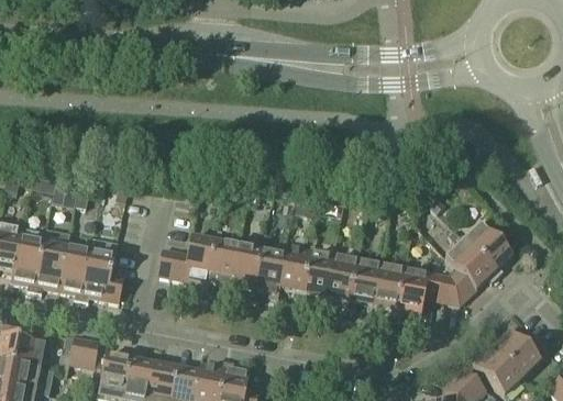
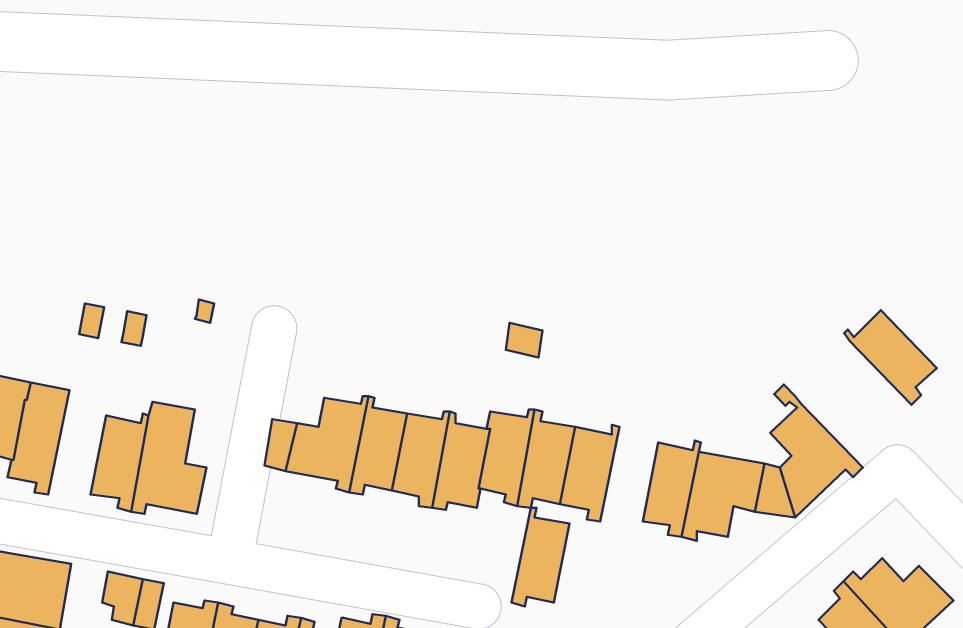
building: [460,224,512,278] -> [844,310,937,405]
building: [34,231,70,296] -> none
building: [349,255,382,311] -> [511,508,569,606]

